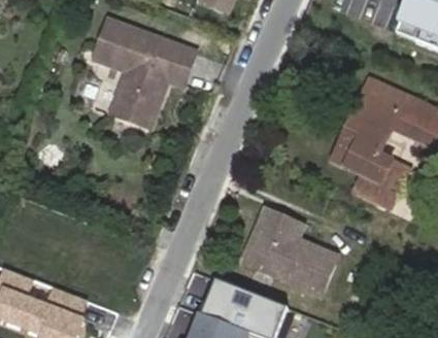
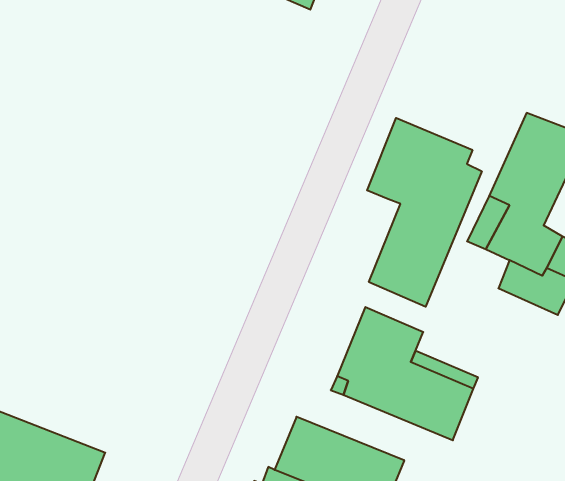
building: [96,19,198,127] -> none
building: none -> [367,118,482,307]

